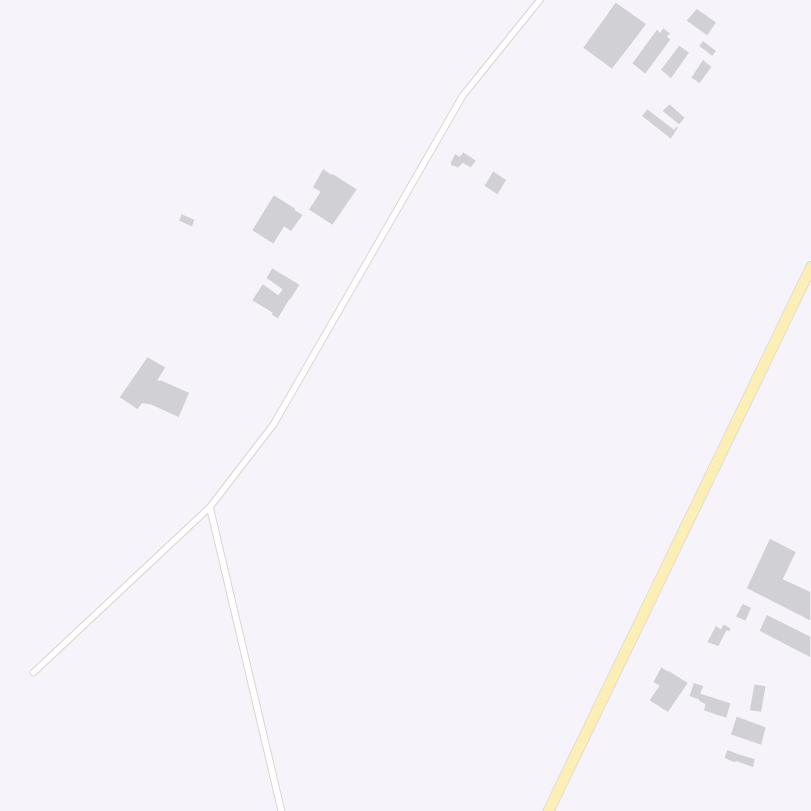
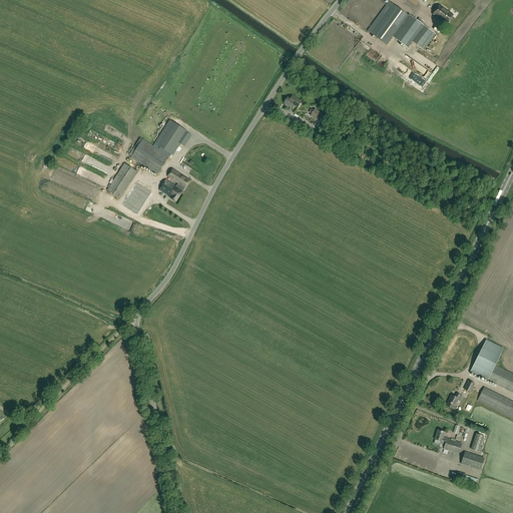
building: [308,168,358,226] -> none
building: none -> [130,138,168,173]
building: [119,356,190,418] -> [106,163,151,202]
building: [649,666,689,713] -> none

